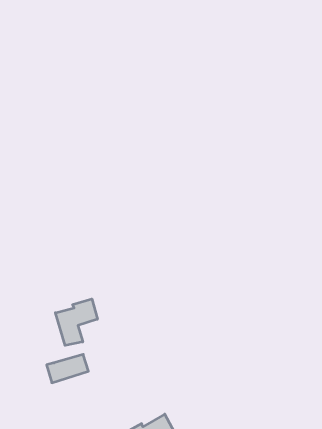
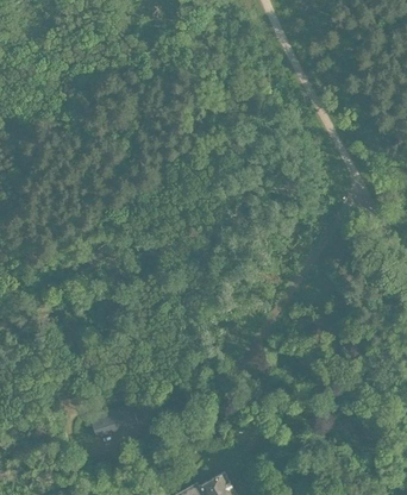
building: [55,299,97,345] -> none

